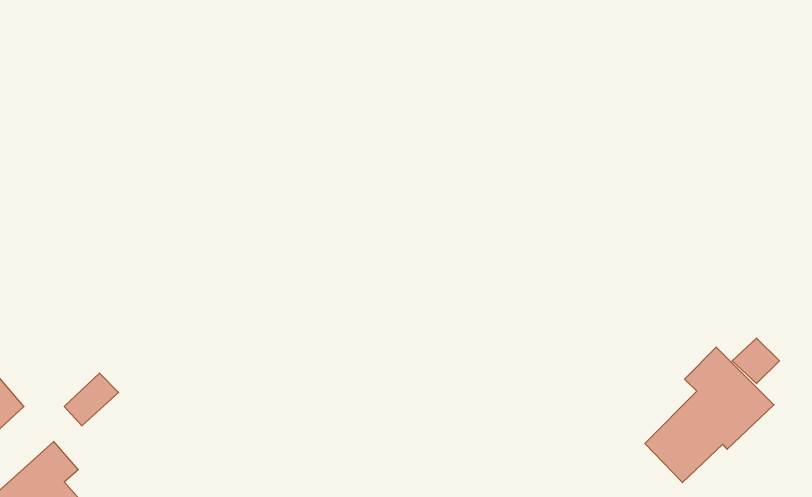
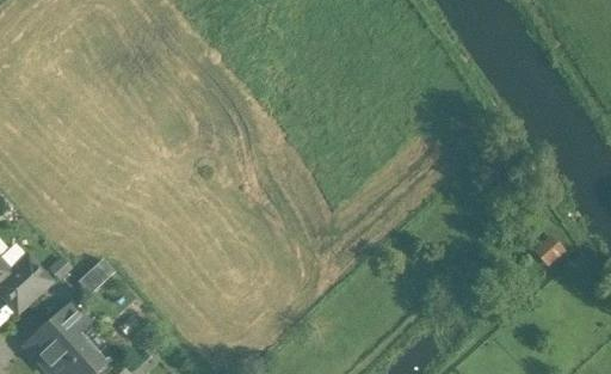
building: [645,347,774,483] -> none

